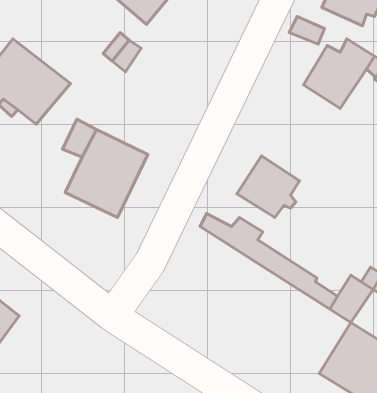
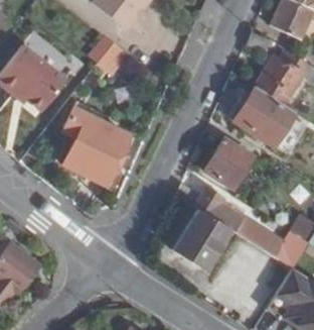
building: none -> [233,85,303,150]
building: none -> [168,194,231,270]

